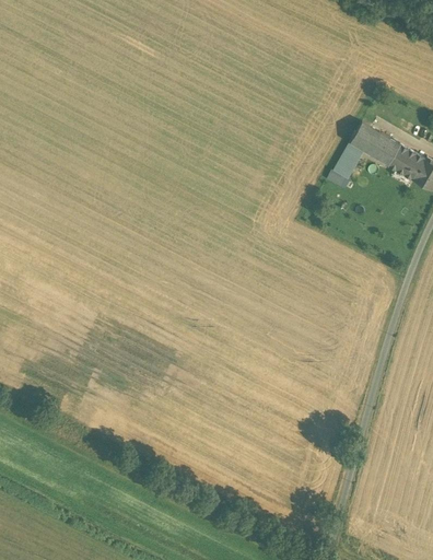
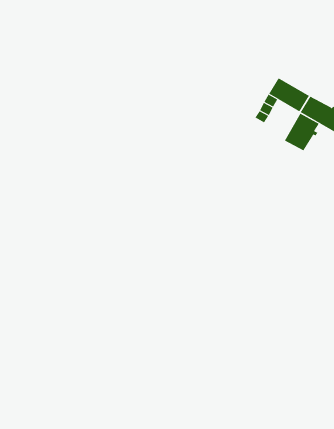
building: none -> [284,113,319,151]

